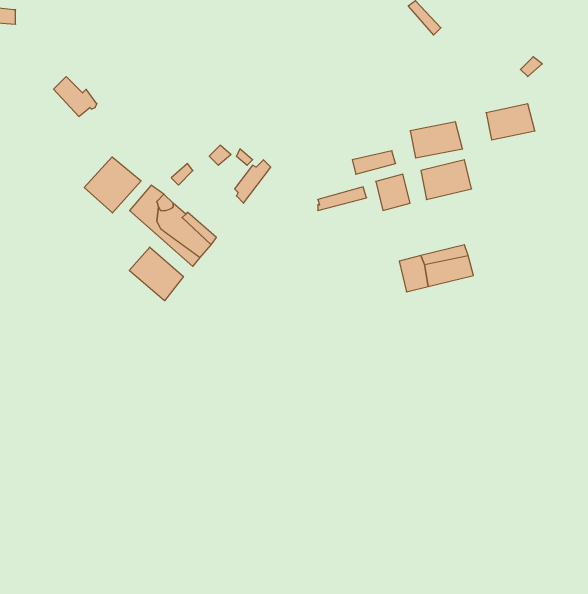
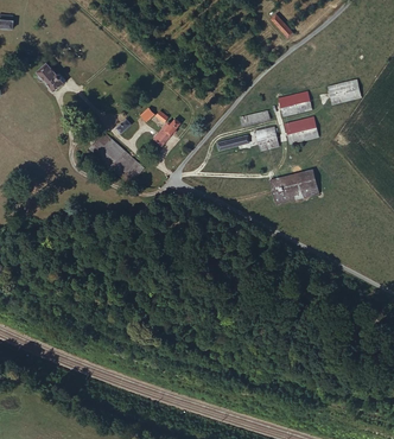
building: [84,157,141,213] -> none
building: [129,247,183,301] -> none

